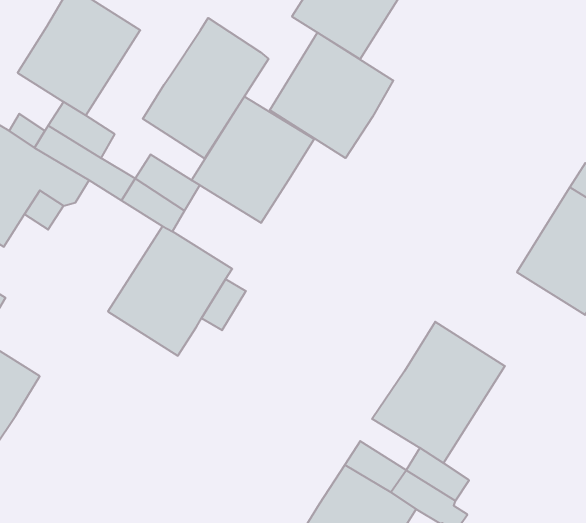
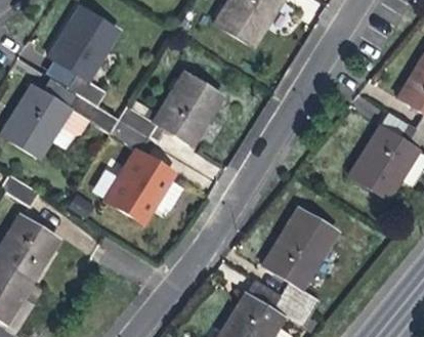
building: [143,18,268,159] -> none
building: [270,33,393,158] -> none

